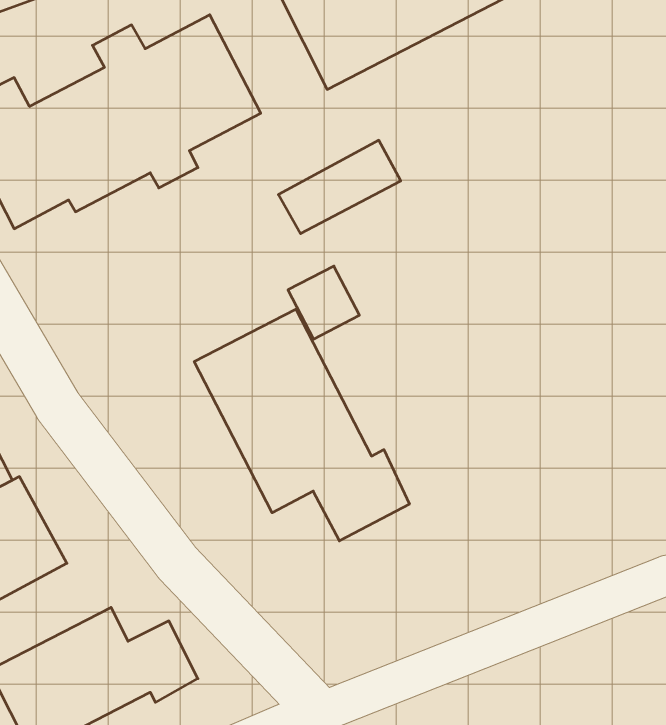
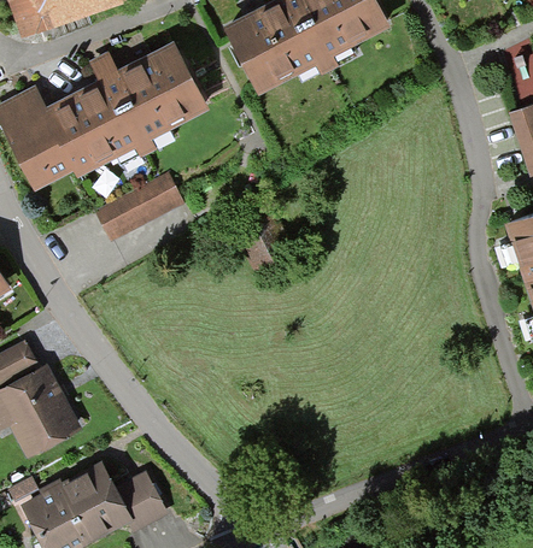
building: [278,140,401,234] -> [96,171,183,237]
building: [194,309,409,541] -> none

